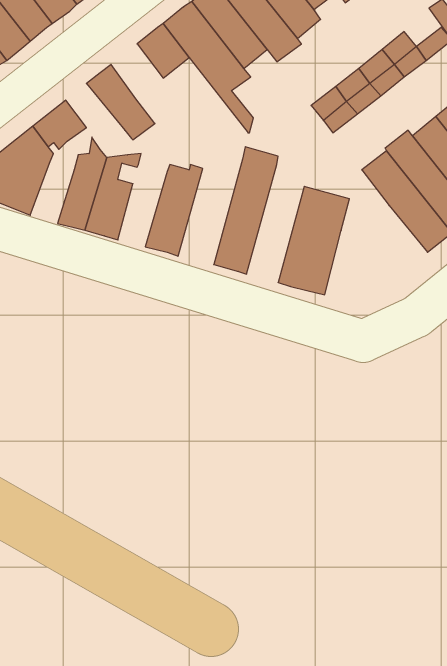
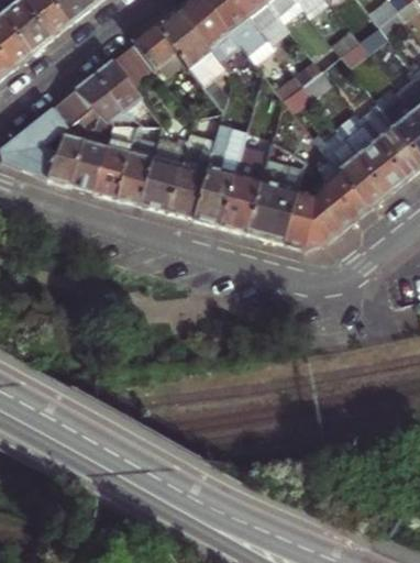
building: none -> [115,41,157,85]
building: none -> [79,73,126,125]
building: none -> [169,129,221,218]
building: none -> [51,136,86,185]
building: none -> [121,137,161,203]
building: none -> [224,137,274,232]
building: none -> [287,170,369,249]

